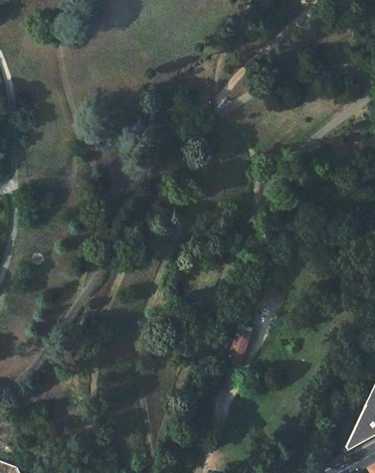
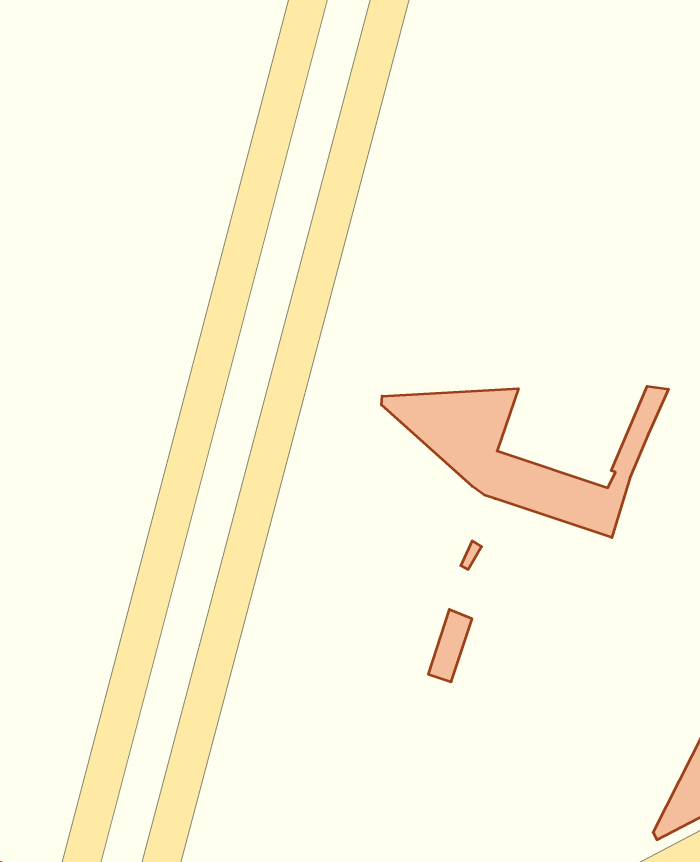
building: none -> [381,386,668,538]

